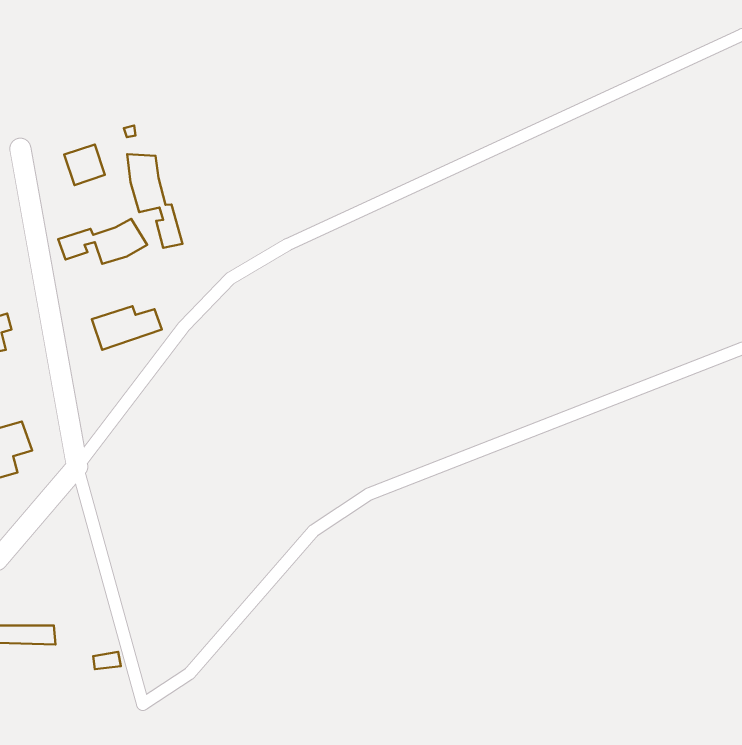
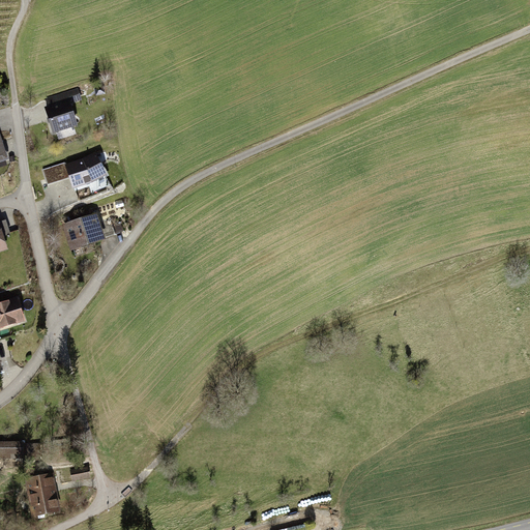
building: [127,154,182,248] -> none
building: none -> [27,475,57,516]

